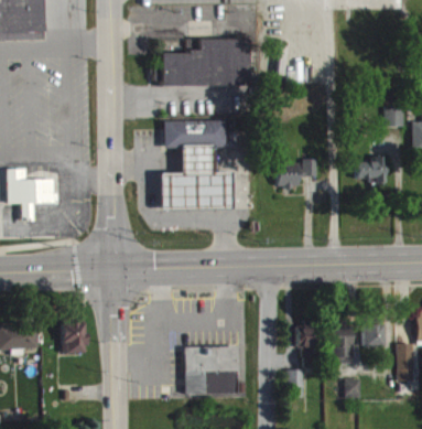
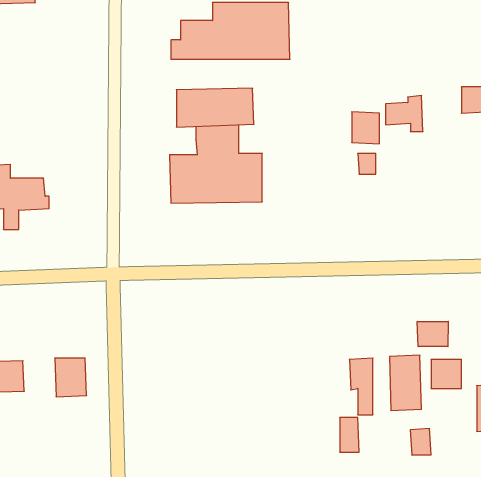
building: [357,157,387,185] -> [386,96,423,132]
building: [278,163,300,189] -> [352,112,379,144]
building: none -> [417,321,448,347]
building: [185,347,238,395] -> none

